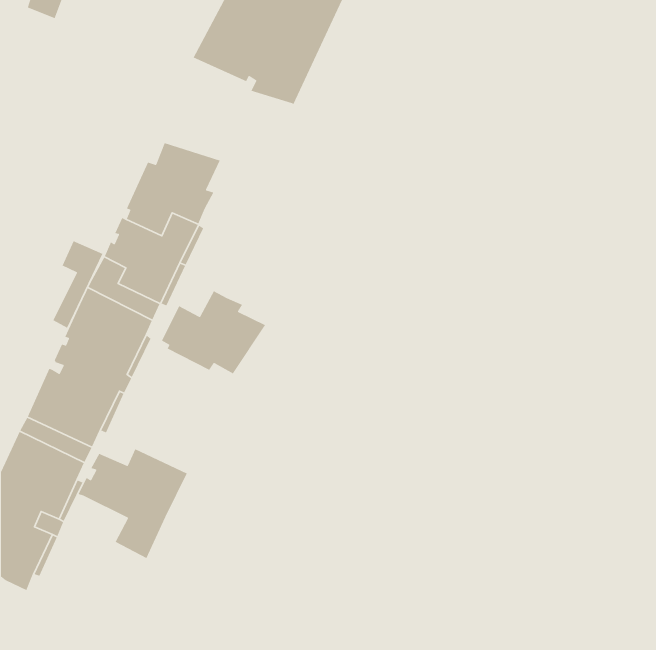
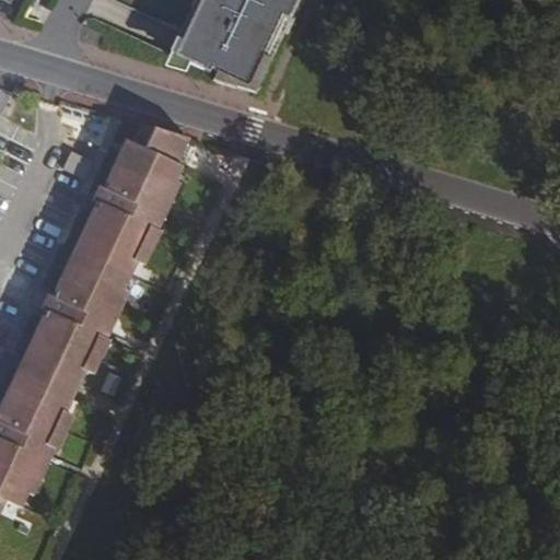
building: [52,240,103,329] -> none
building: [161,290,266,375] -> none
building: [77,448,188,559] -> none

